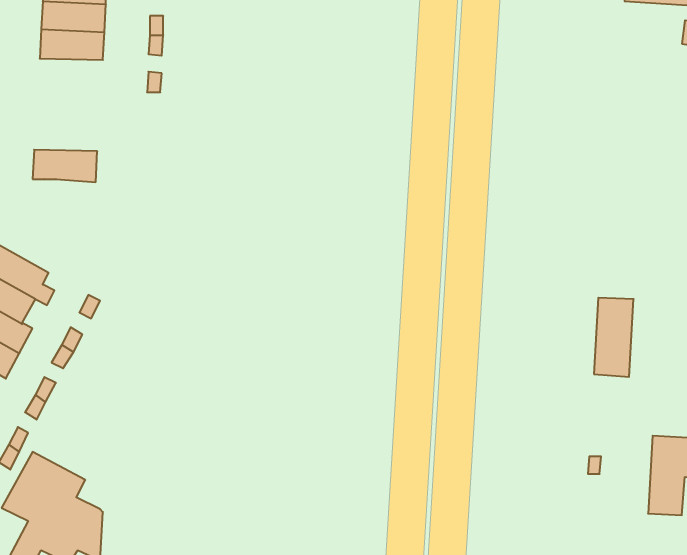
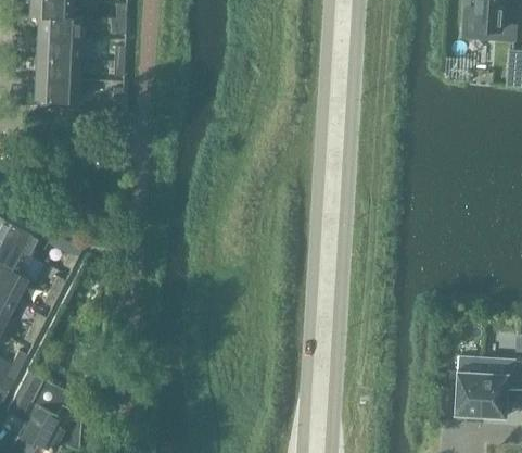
building: [33,150,97,182] -> [31,79,79,103]
building: [594,298,634,377] -> [456,357,485,416]

